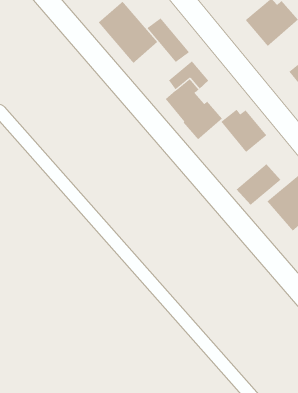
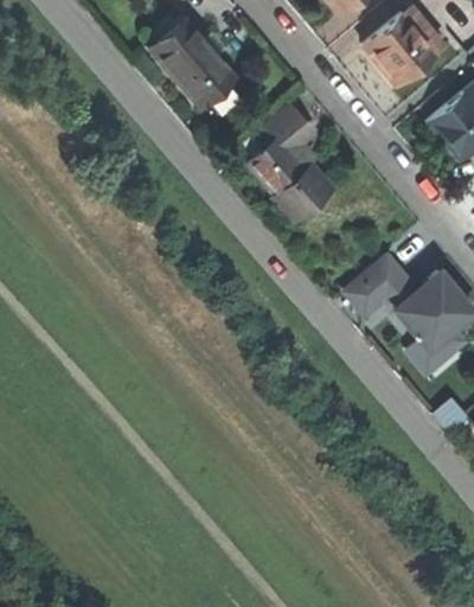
building: [147,17,190,63] -> none
building: [221,109,267,153] -> none

